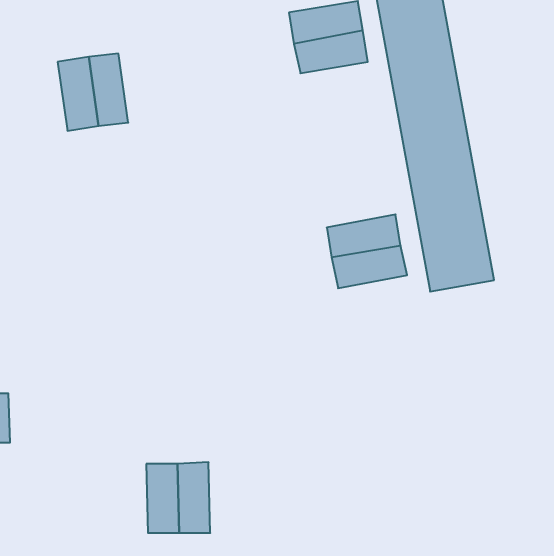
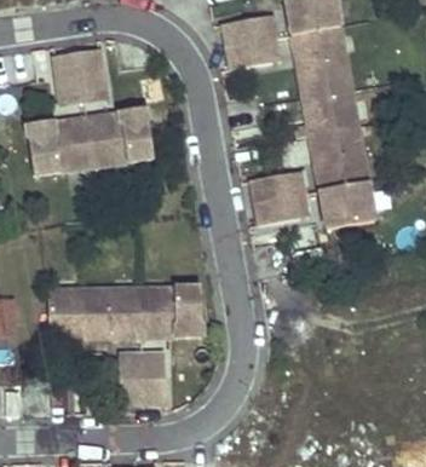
building: none -> [47,110,149,172]
building: none -> [48,284,201,336]

